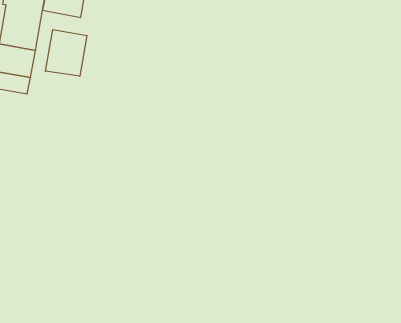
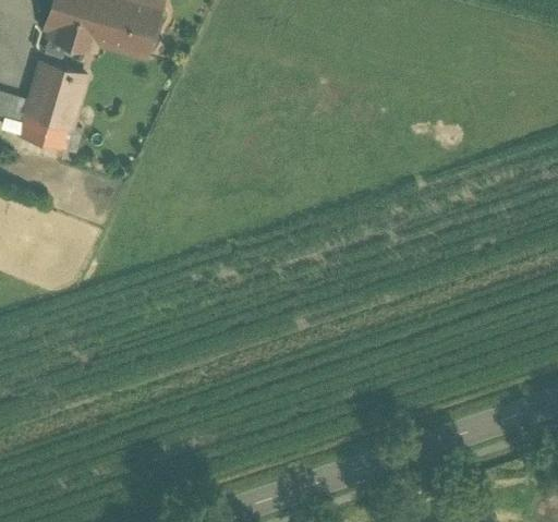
building: [45,30,87,76] -> none

